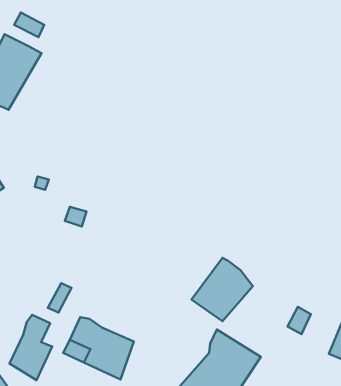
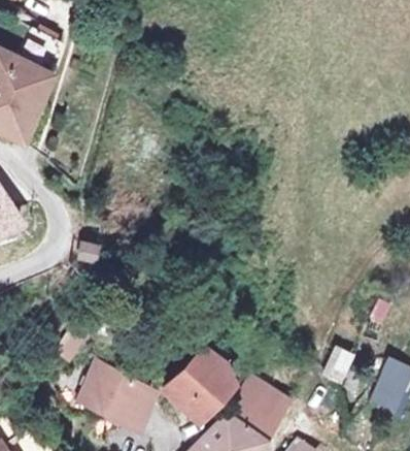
building: [191,258,253,321] -> [172,352,239,421]
building: [9,315,52,380] -> none

